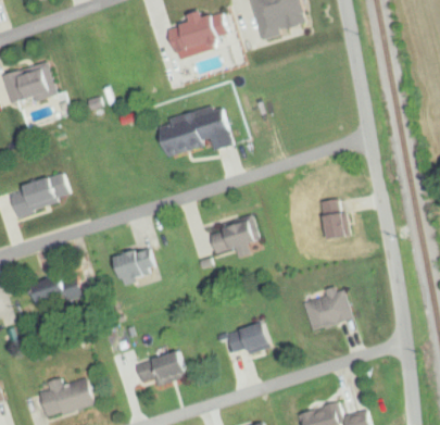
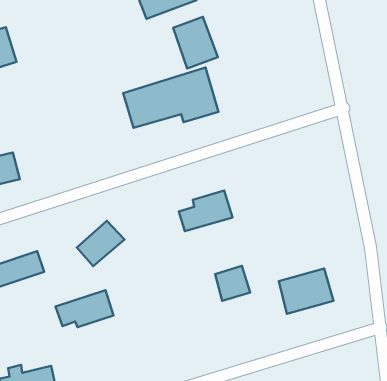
building: none -> [173,17,218,69]
building: [319,199,341,240] -> none
building: [240,322,273,354] -> [215,266,250,301]
building: [134,350,188,385] -> [55,290,114,327]

